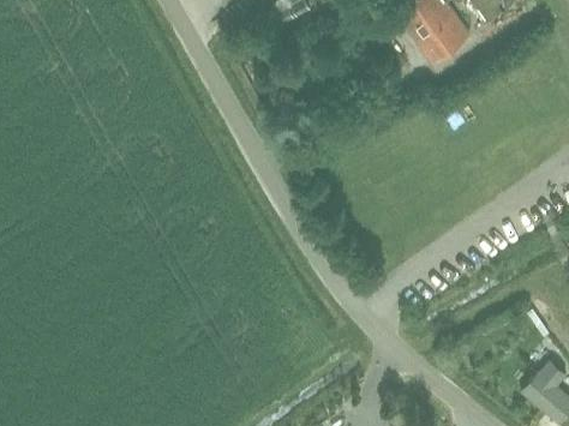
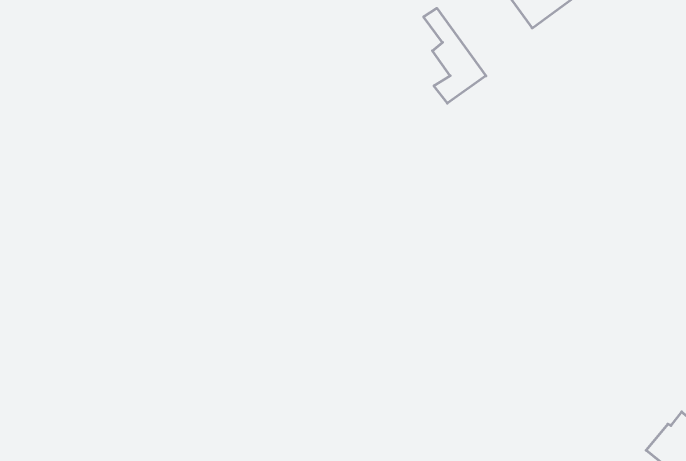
building: none -> [424,8,486,103]

